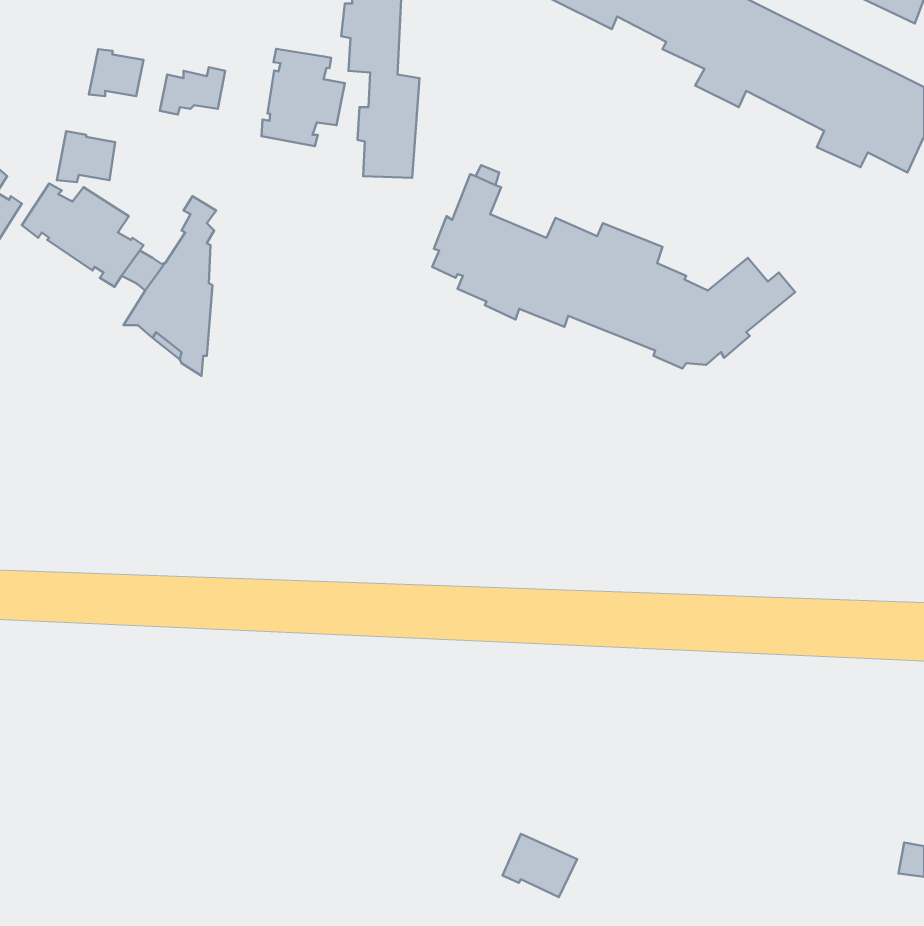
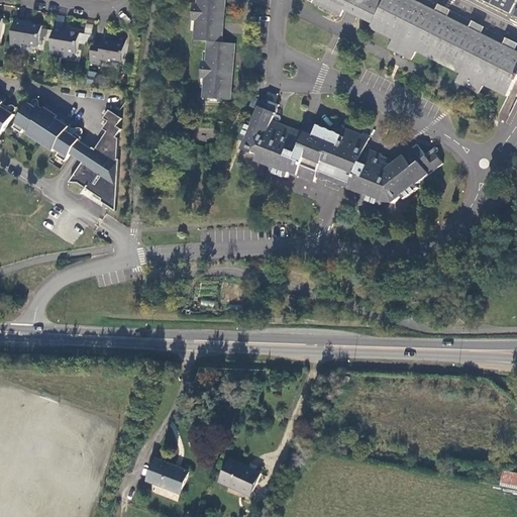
building: [261,49,345,146] -> none
building: [57,131,115,182] -> [9,19,41,47]
building: none -> [147,456,190,492]
building: [503,834,577,897] -> [220,456,262,492]

